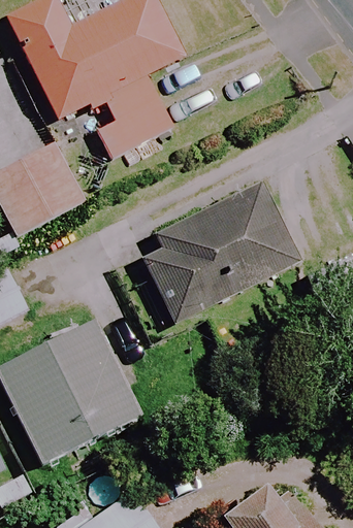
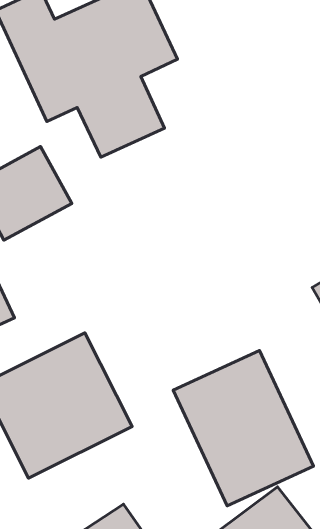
building: [148,184,298,322] -> none
building: none -> [173,350,313,506]

